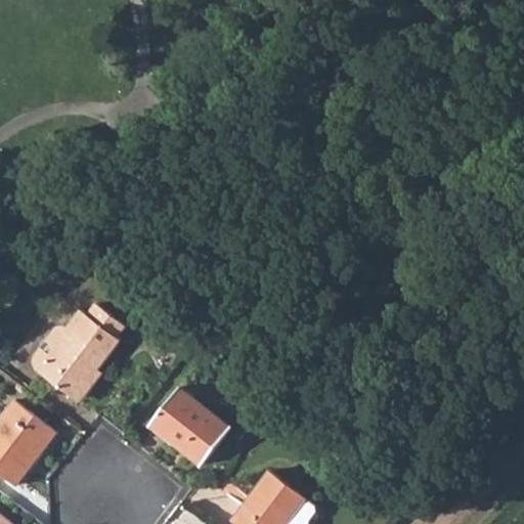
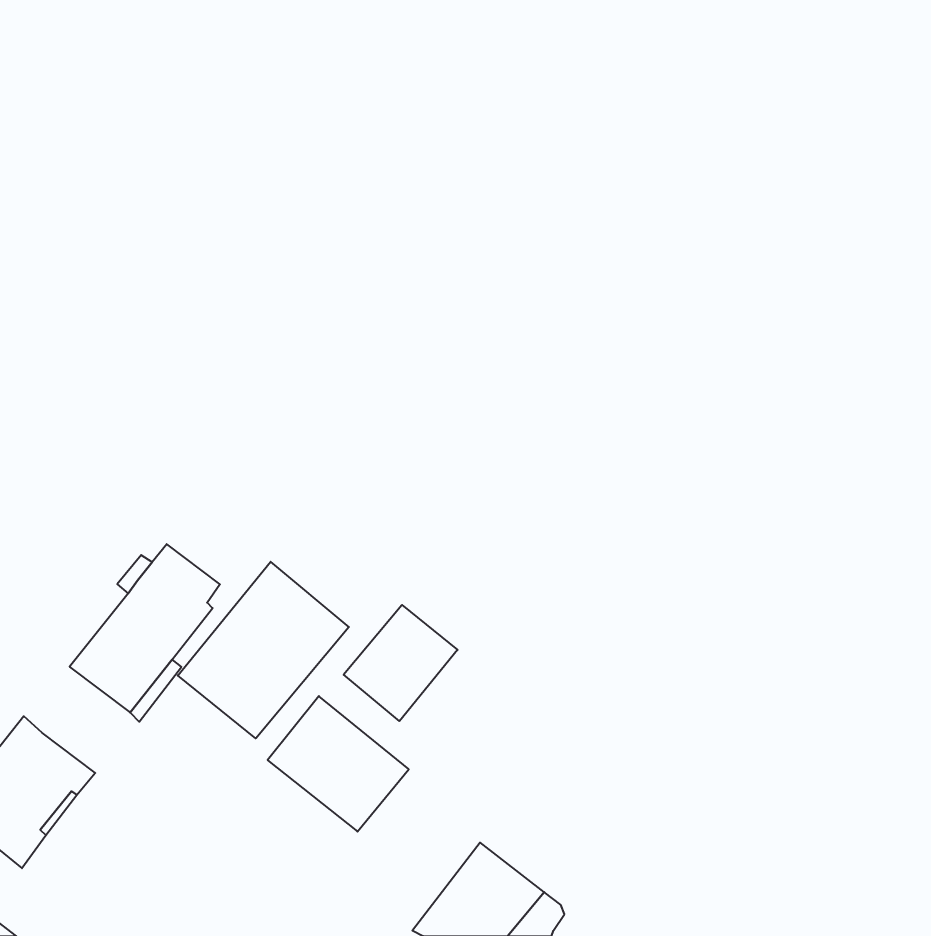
building: none -> [178,562,349,738]
building: none -> [344,605,458,721]

